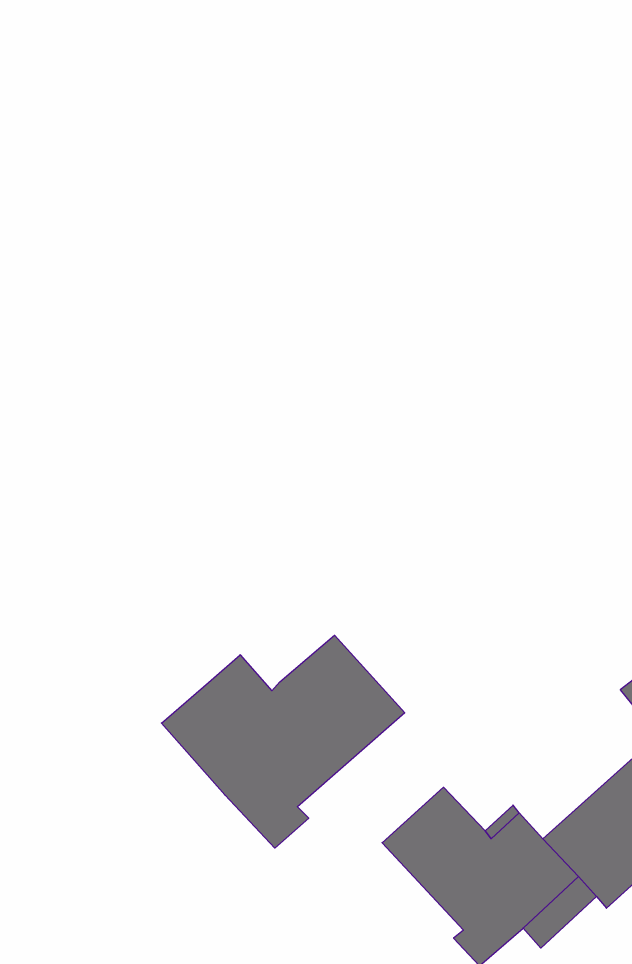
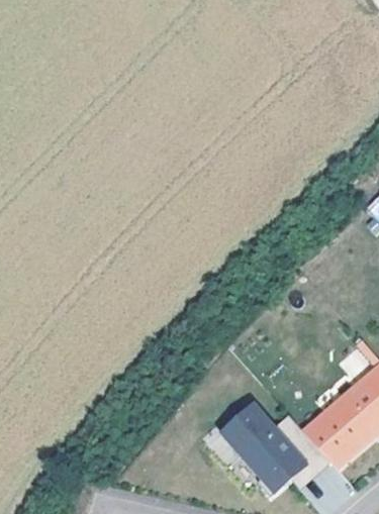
building: [161,635,405,848] -> none

